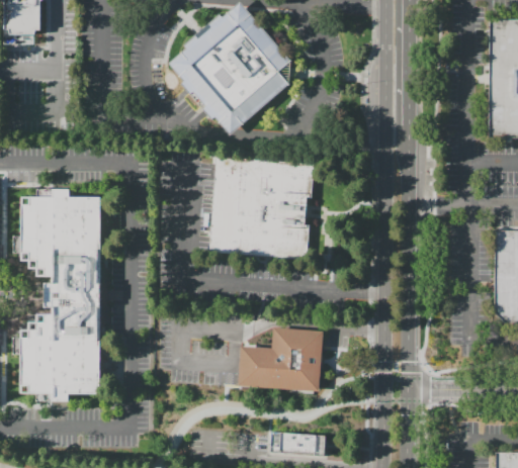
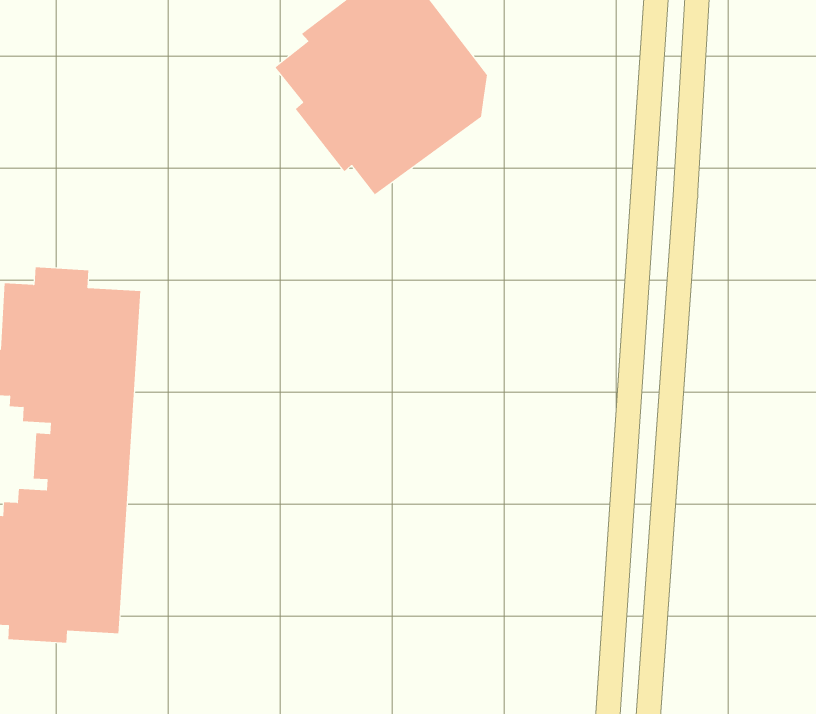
building: [211,157,318,259] -> none
building: [238,326,324,390] -> none

